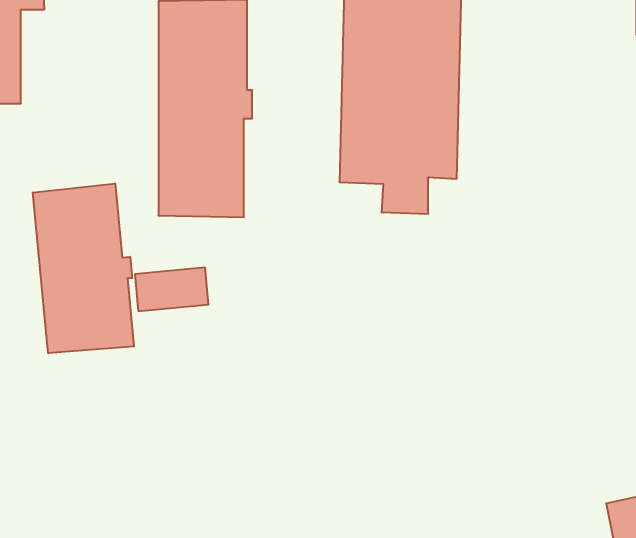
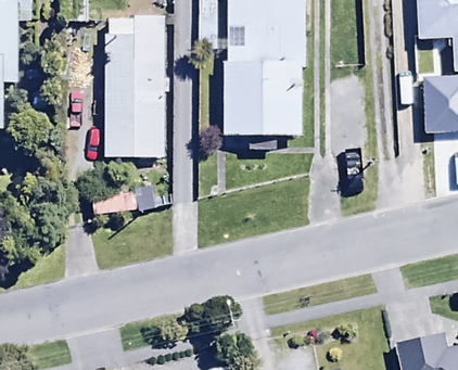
building: [33,183,134,353] -> none

